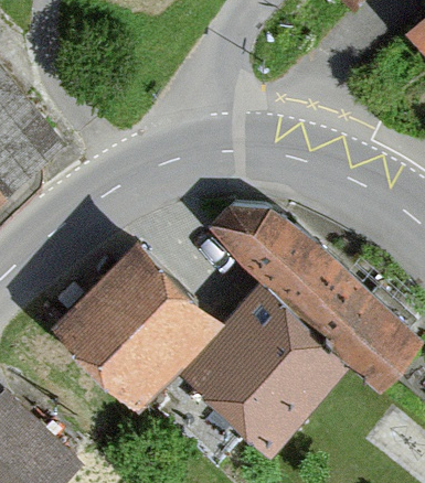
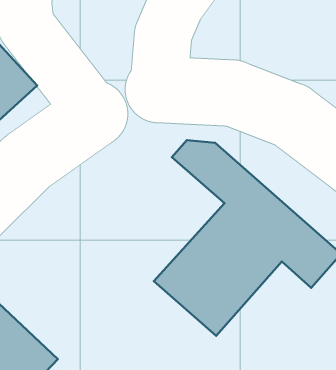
building: [64,254,210,400] -> none

